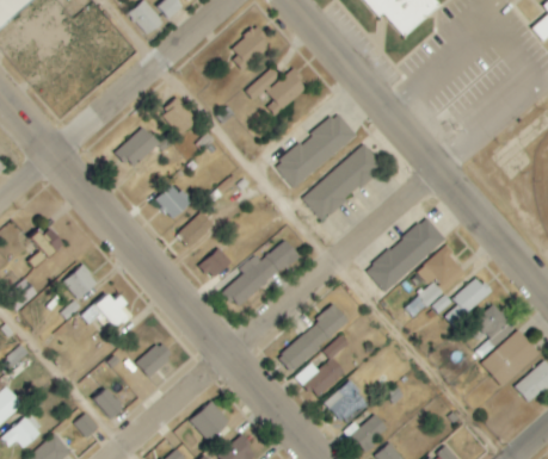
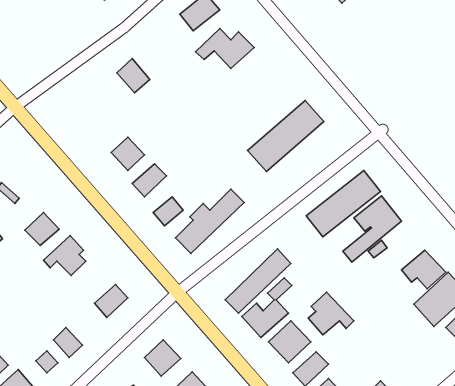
building: [275,111,357,187] -> none
building: [117,125,159,167] -> none
building: [444,277,493,325] -> none
building: none -> [308,292,354,335]

